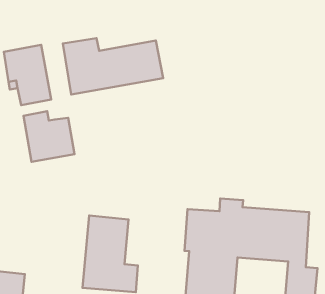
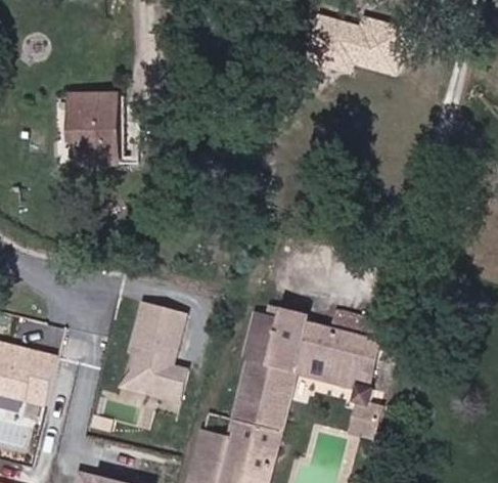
building: [63,38,163,94] -> none
building: [24,111,75,162] -> none

